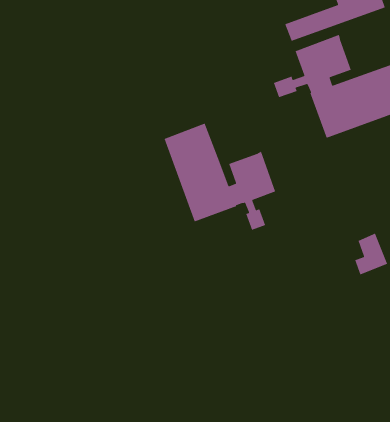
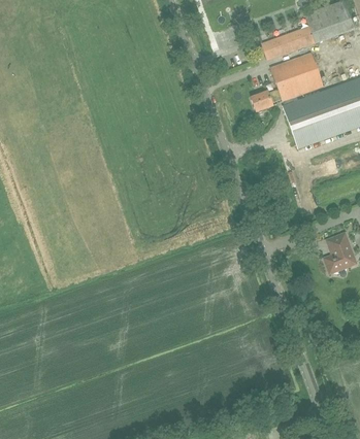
building: [163,123,276,231] -> none

